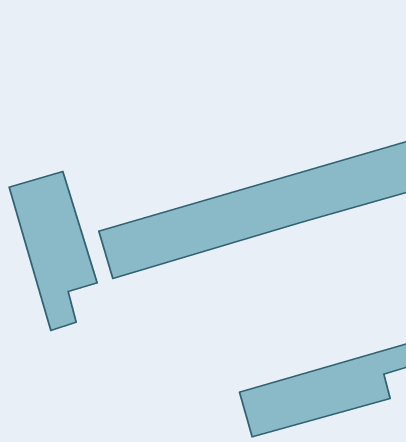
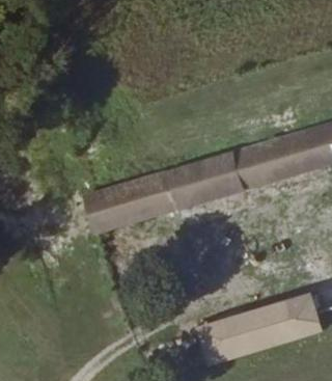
building: [9,172,97,331] -> none

